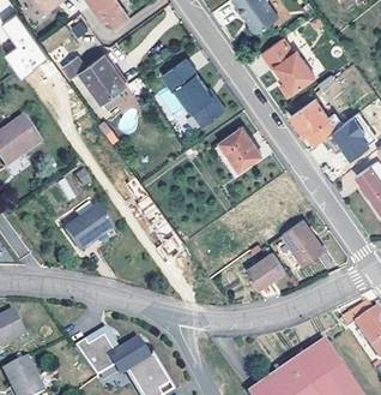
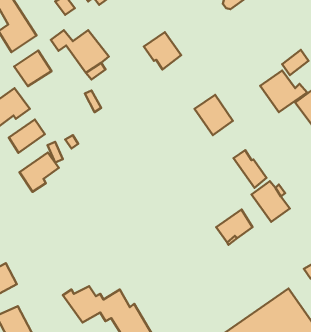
building: [261,38,315,97] -> none
building: none -> [14,51,51,86]
building: [185,83,226,125] -> none
building: none -> [9,119,45,153]
building: none -> [233,150,266,188]
building: [67,208,110,251] -> [19,152,59,192]

